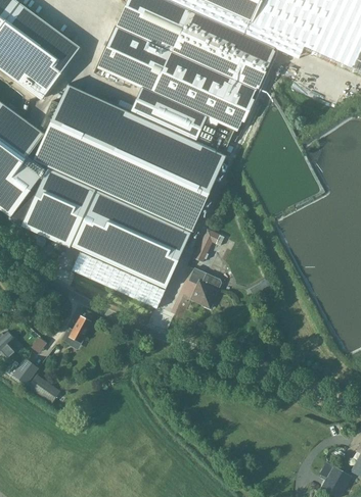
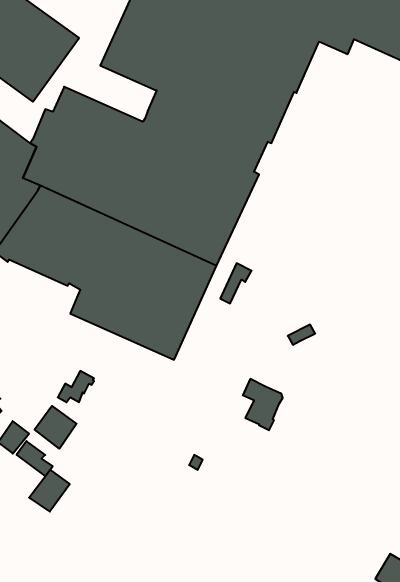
building: [188,266,221,308] -> [243,379,283,430]
building: none -> [35,406,77,449]
building: none -> [29,470,70,512]

